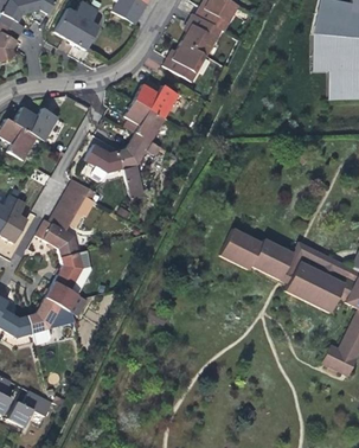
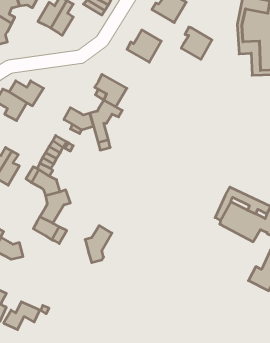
building: [186,14,225,56] -> [181,27,212,59]
building: [135,83,181,116] -> none
building: [220,230,293,282] -> none
building: [30,296,64,344] -> [85,226,112,263]

